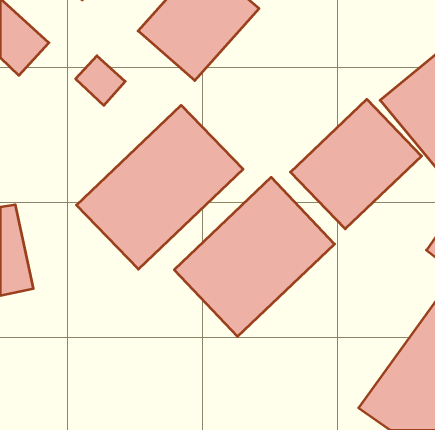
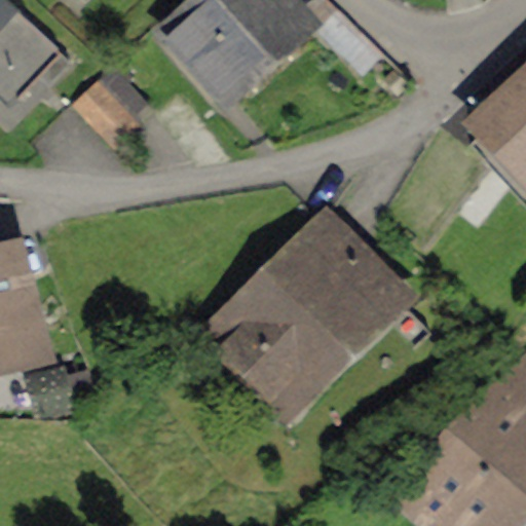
building: [290,99,422,229] -> none
building: [76,105,243,269] -> none

